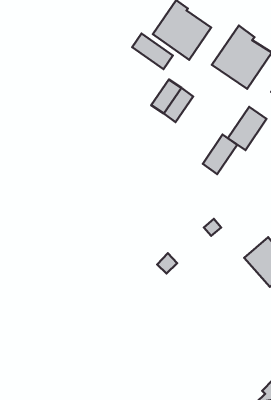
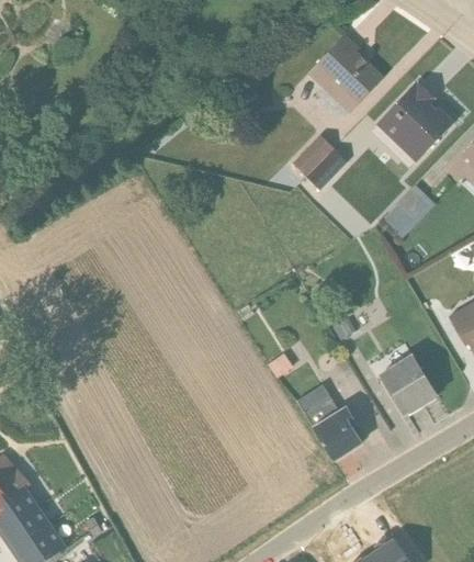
building: [132,34,173,69] -> none
building: [203,134,237,174] -> none
building: none -> [297,384,361,459]

